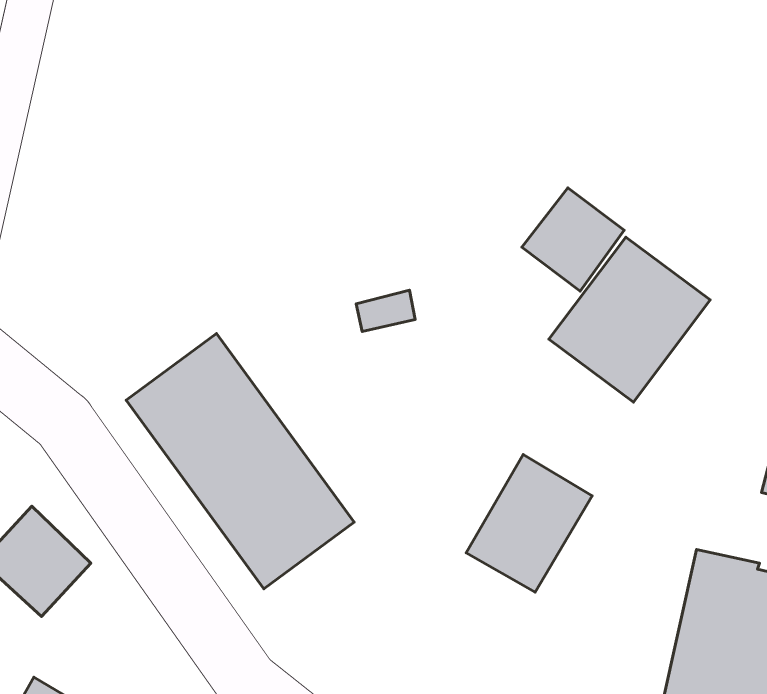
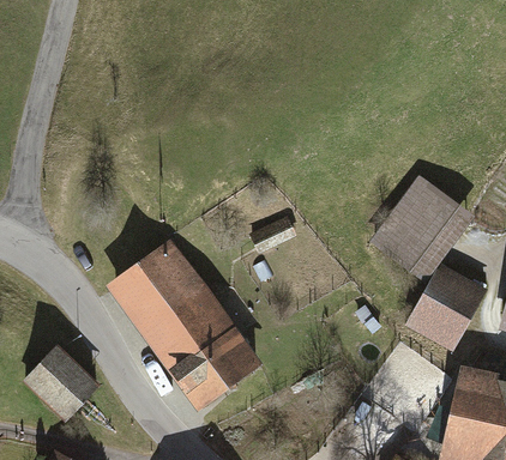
building: [522,188,624,291] -> none
building: [466,455,592,592] -> [410,266,487,350]

